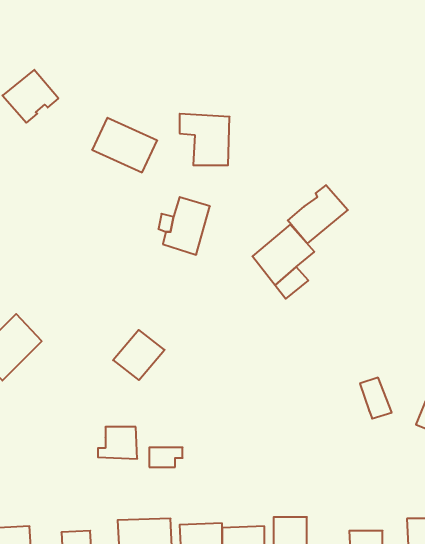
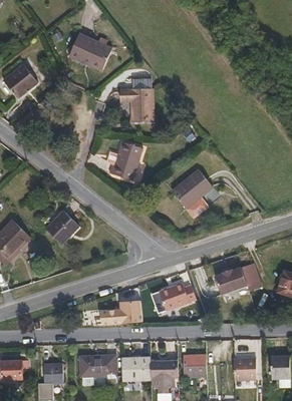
building: [92,118,157,172] -> [72,34,115,70]
building: [288,185,348,243] -> none
building: [113,330,165,380] -> [48,212,82,245]
building: none -> [216,267,246,293]
building: none -> [159,280,195,308]
building: [98,427,137,459] -> [117,302,143,323]

